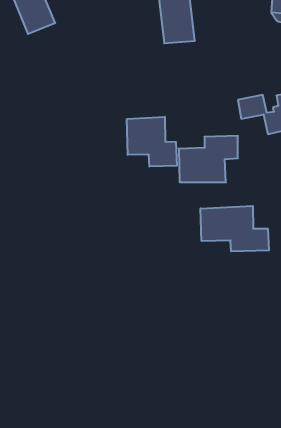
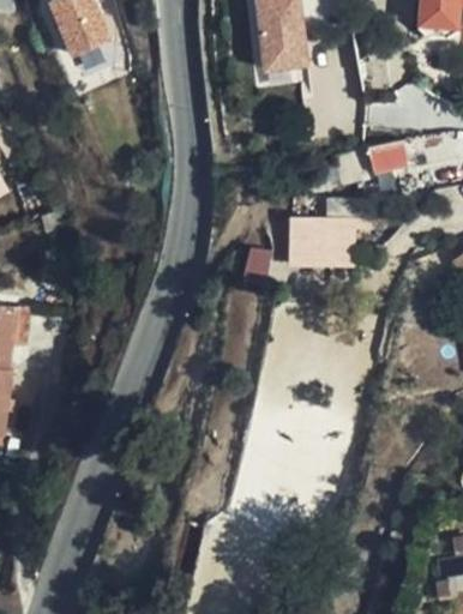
building: [127,117,177,167] -> none
building: [201,206,269,251] -> none

